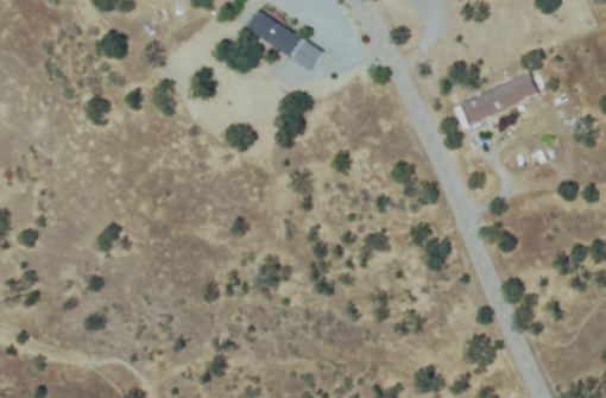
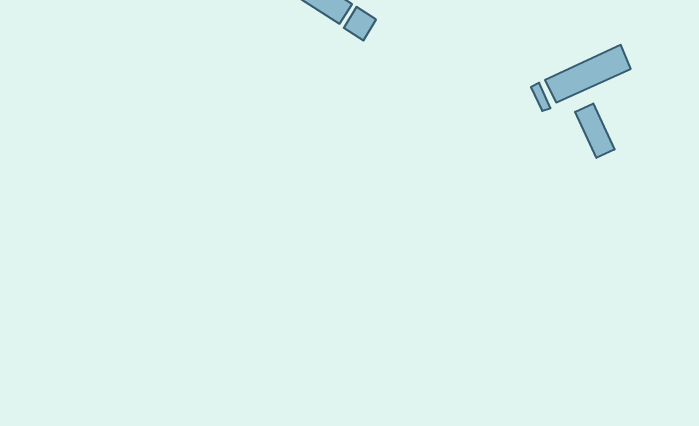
building: none -> [575,103,615,158]

